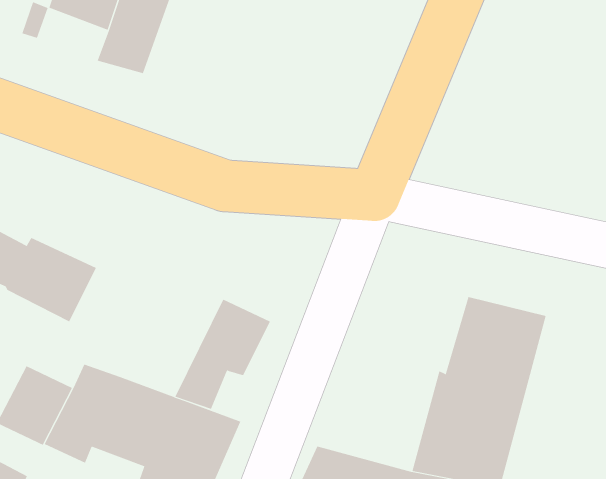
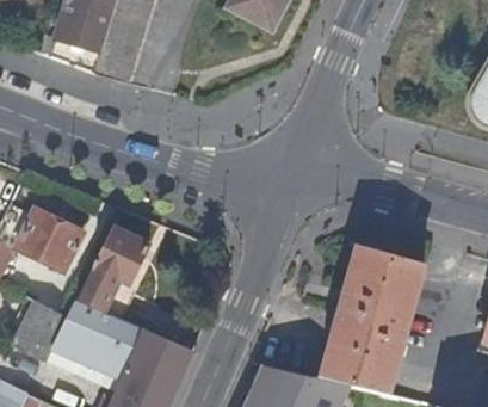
building: [175,299,271,410] -> [75,228,147,310]

